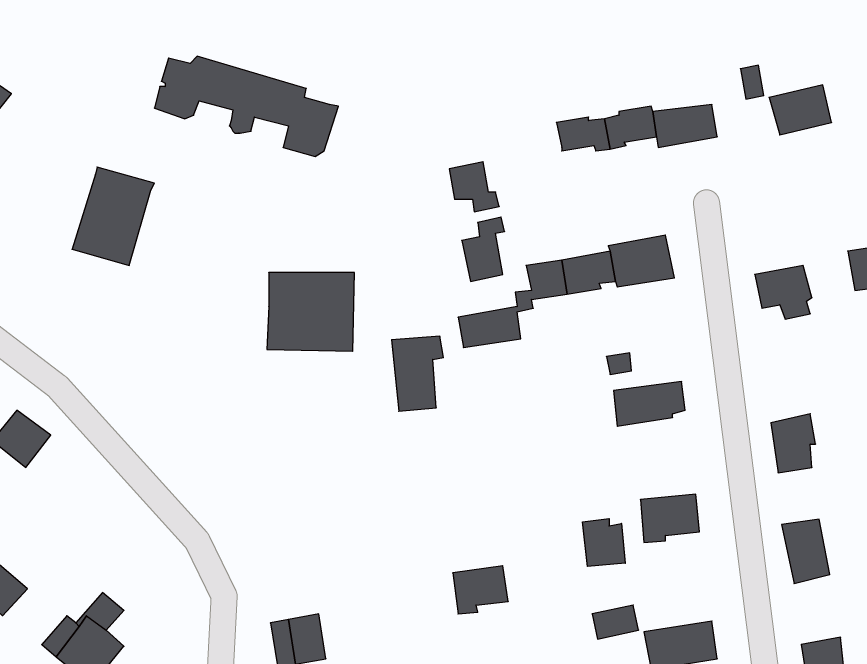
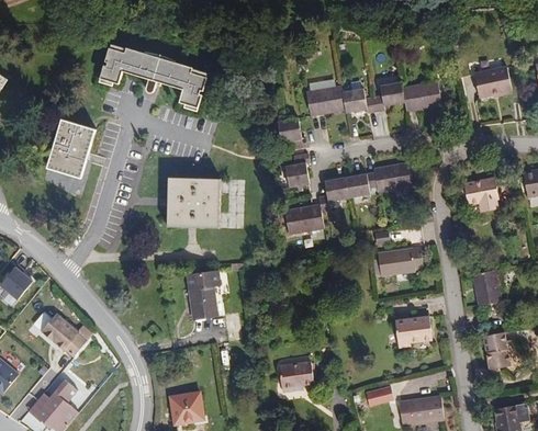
building: none -> [306,83,347,111]
building: [392,336,443,411] -> [187,273,218,319]
building: none -> [42,313,88,356]
building: [583,519,625,566] -> none

